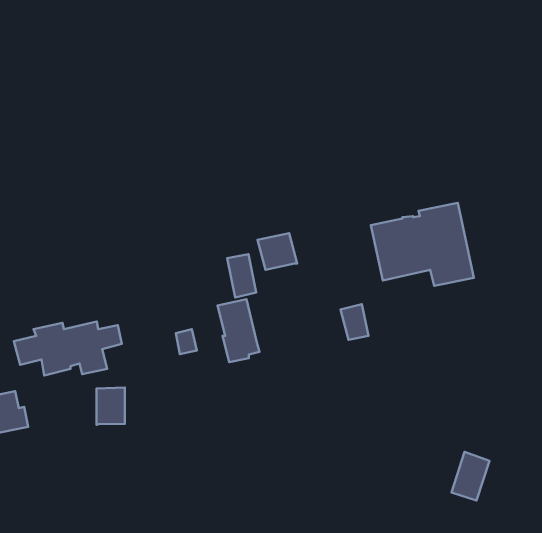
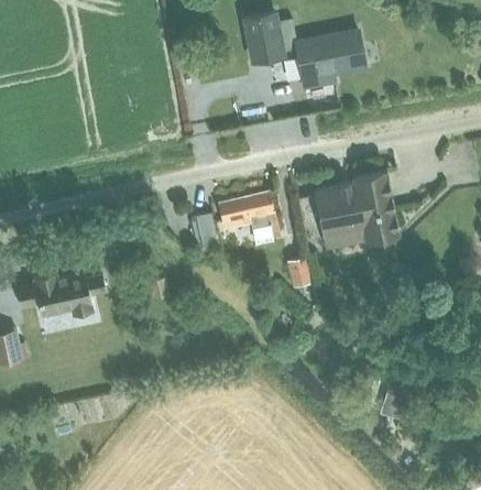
building: none -> [244,14,364,88]
building: [217,299,260,362] -> [244,193,280,246]
building: [97,387,125,425] -> none

